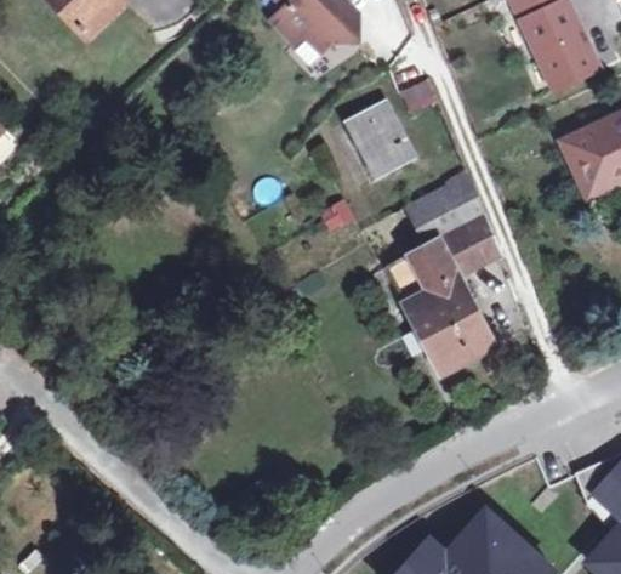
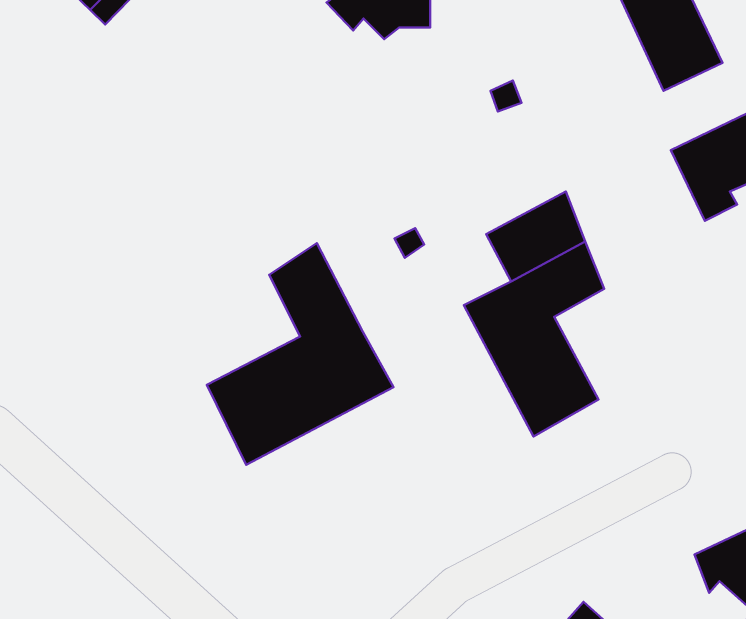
building: [351,103,414,177] -> none
building: none -> [207,243,393,465]

